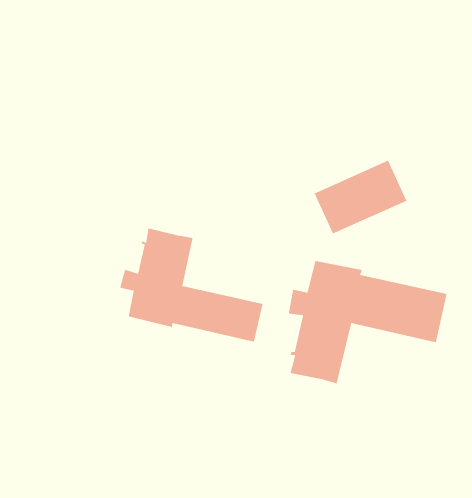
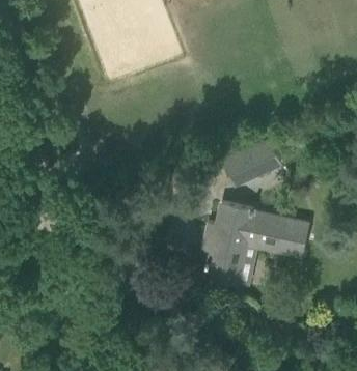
building: [119,228,263,342] -> none

